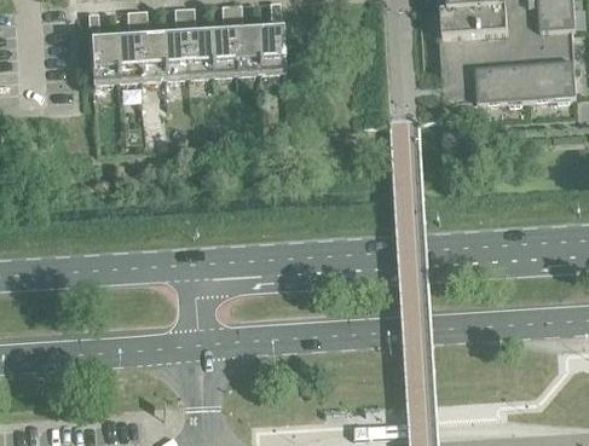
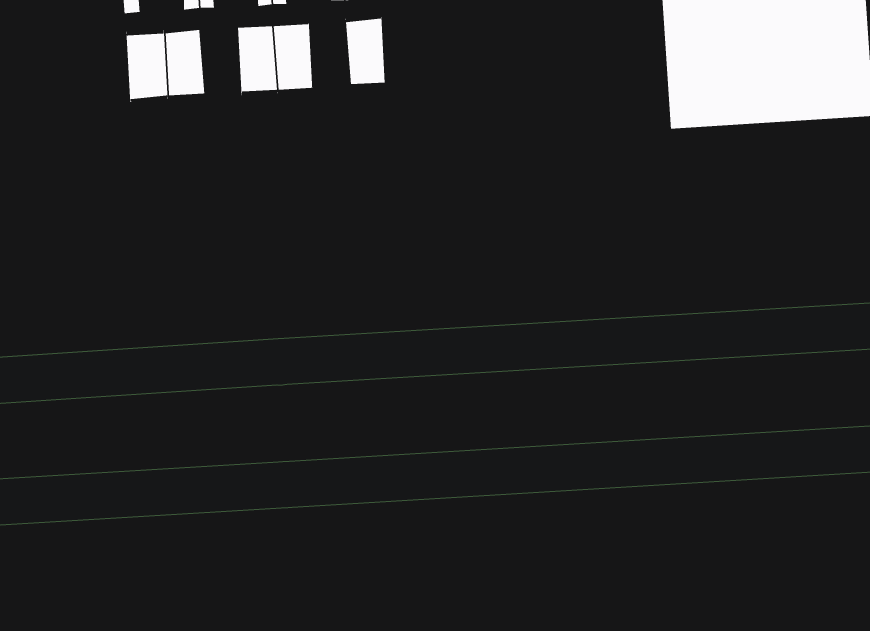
building: [258,28,285,76] -> none
building: [210,31,237,79] -> none
building: [139,35,166,83] -> none

